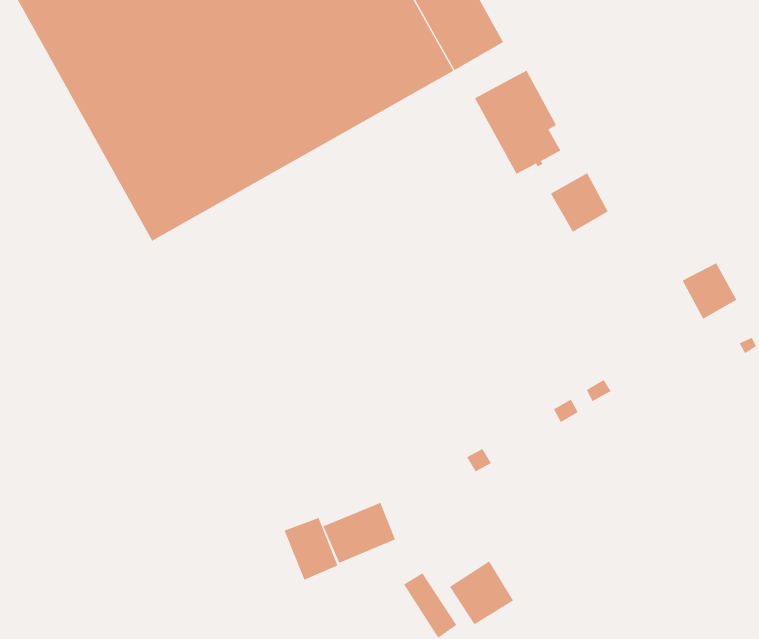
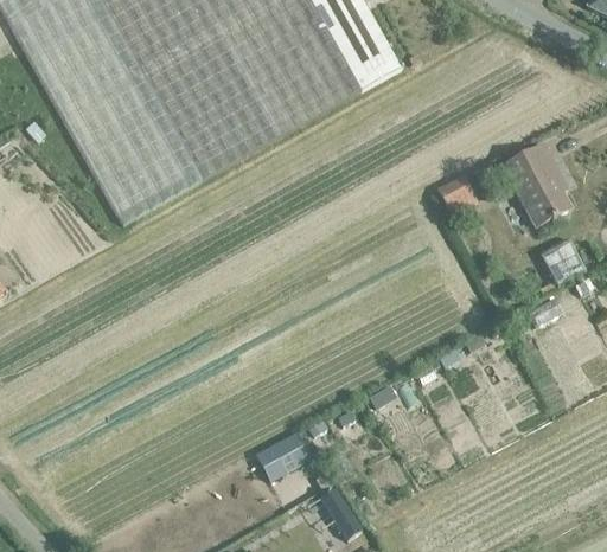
building: [474,70,561,175] -> [503,143,571,226]
building: [284,517,338,580] -> none
building: [449,561,514,625] -> none

